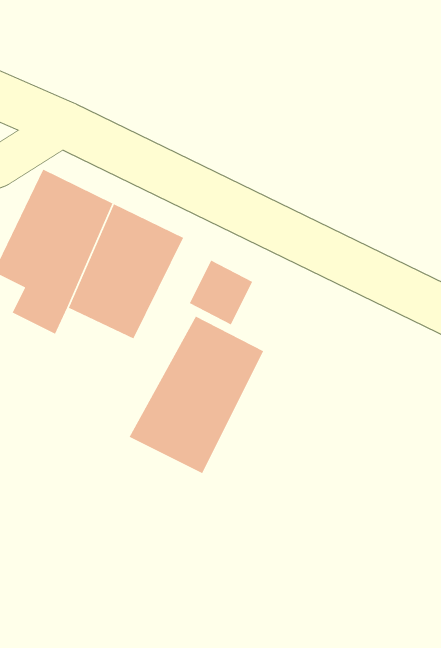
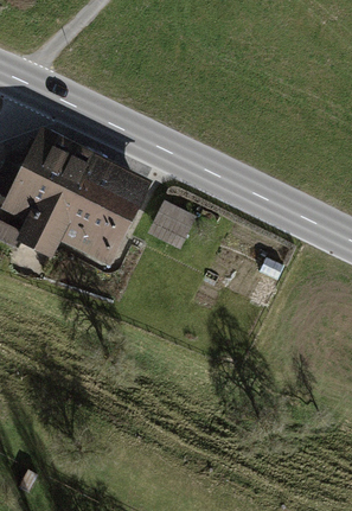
building: [128,315,264,474] -> none

